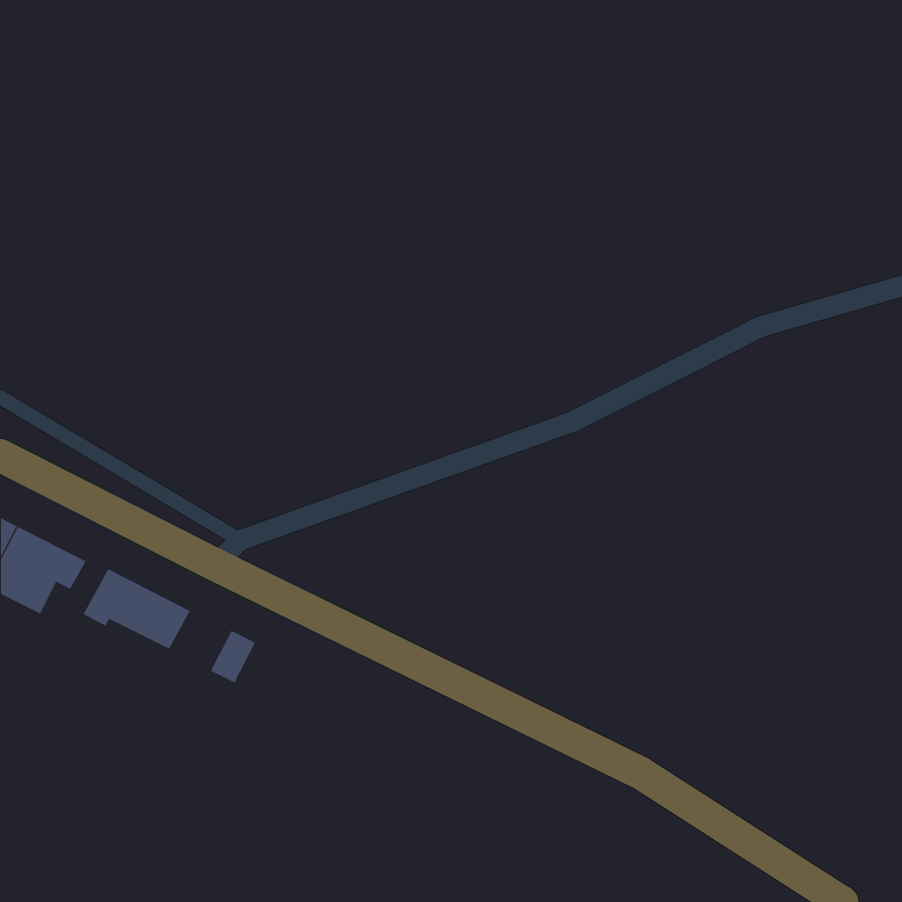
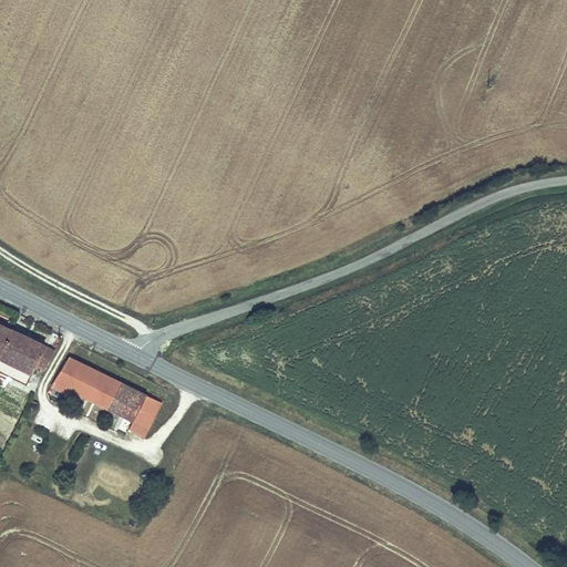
building: none -> [106,383,145,421]

